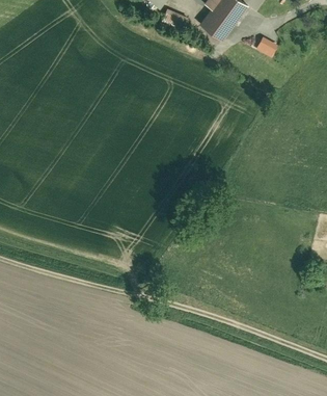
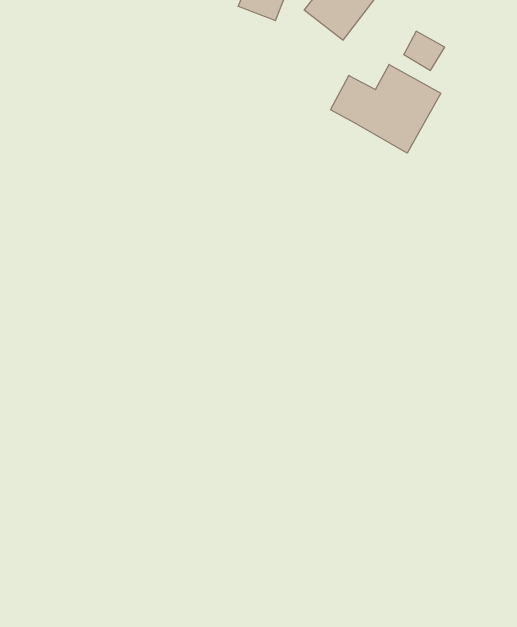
building: none -> [331,64,441,153]

